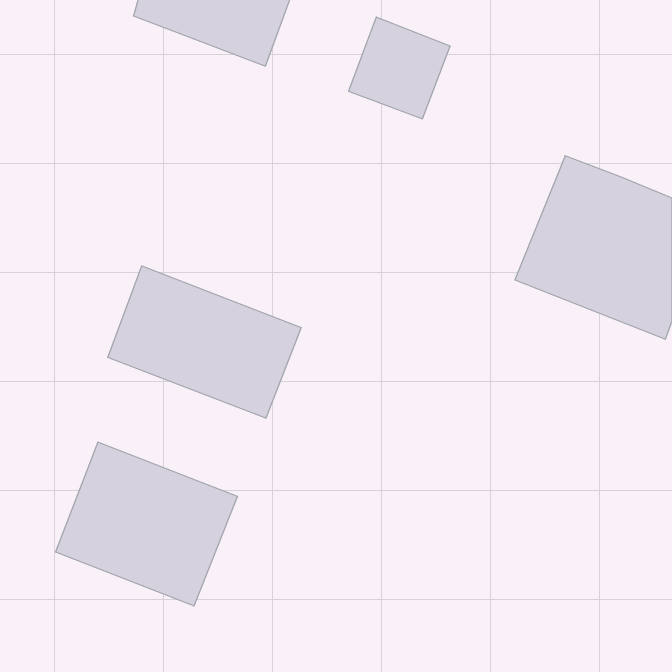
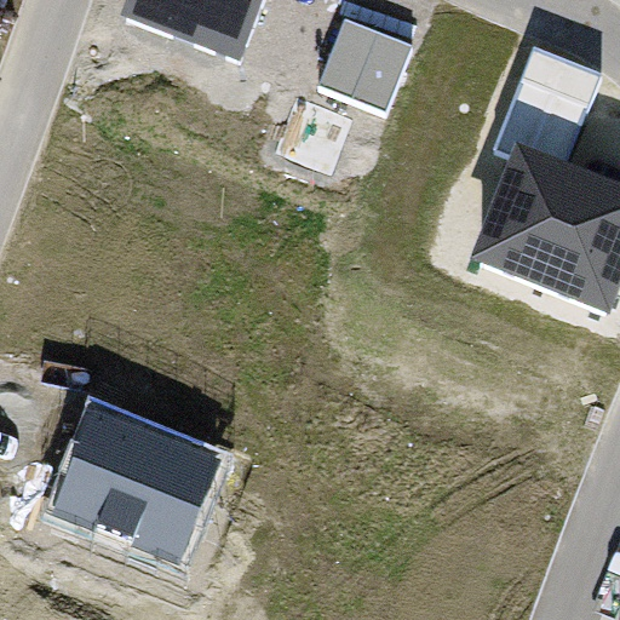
building: none -> [500,47,604,162]
building: [108,266,301,418] -> none

